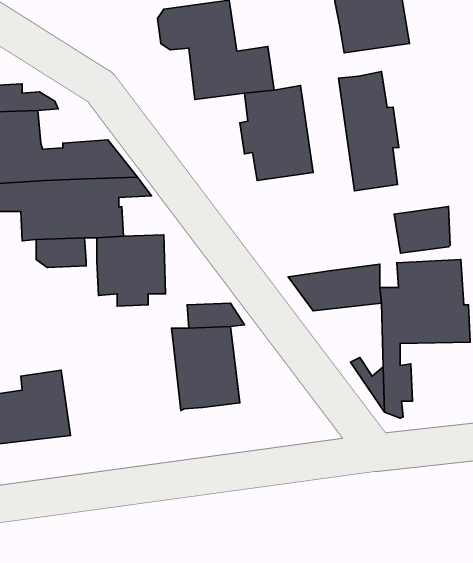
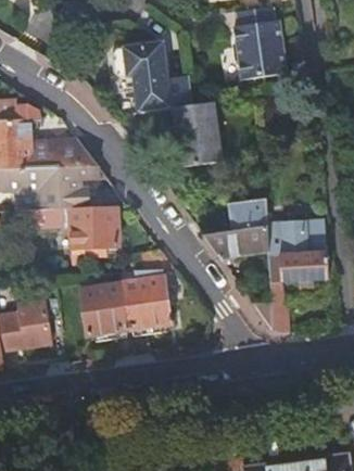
building: [338,72,399,191] -> none
building: [394,206,450,253] -> [229,199,268,231]
building: none -> [80,281,128,333]

